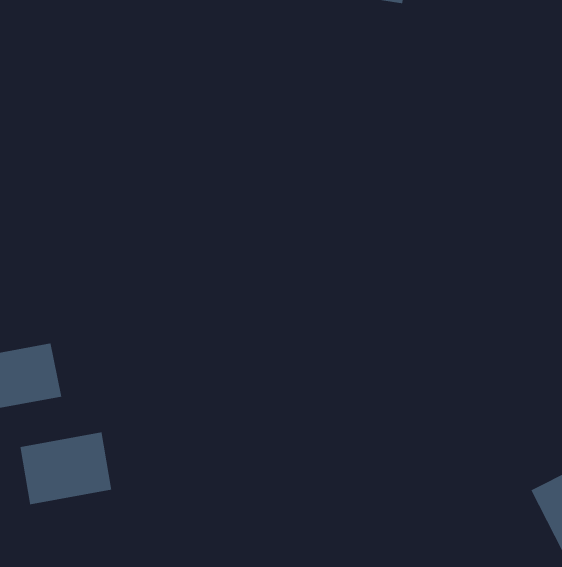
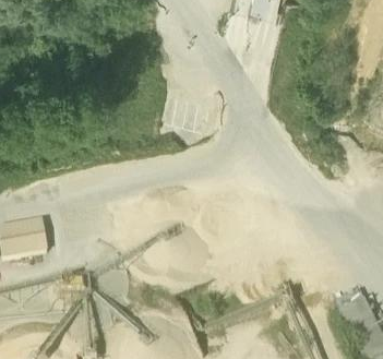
building: [20,431,112,505] -> none

